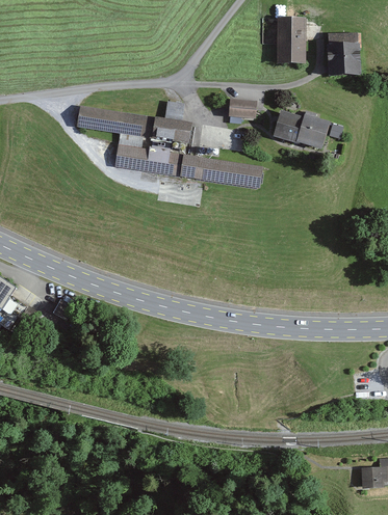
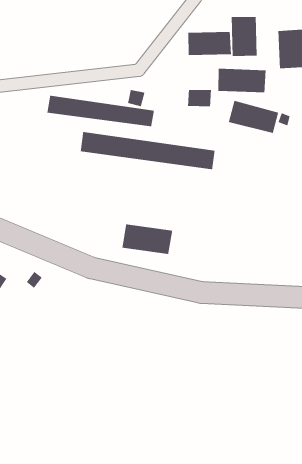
building: none -> [188,31,232,56]
building: none -> [217,68,266,93]
building: none -> [122,223,173,255]

